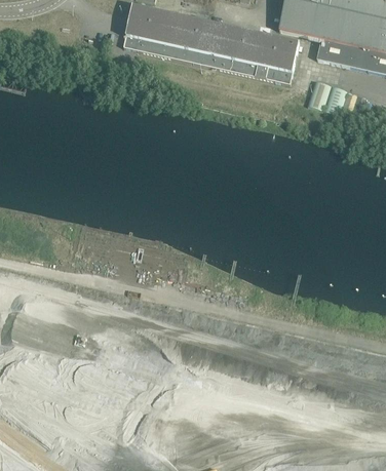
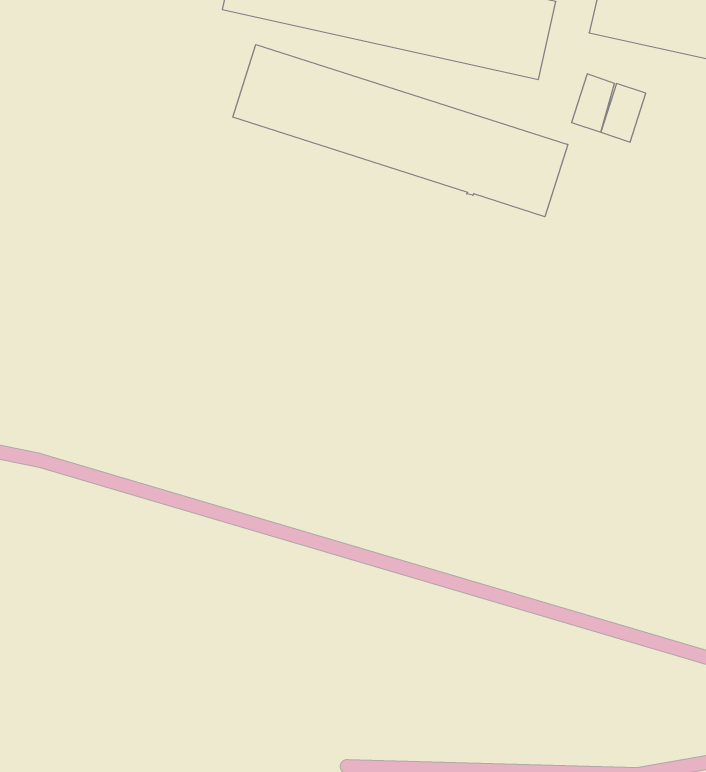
building: none -> [233,45,568,217]

